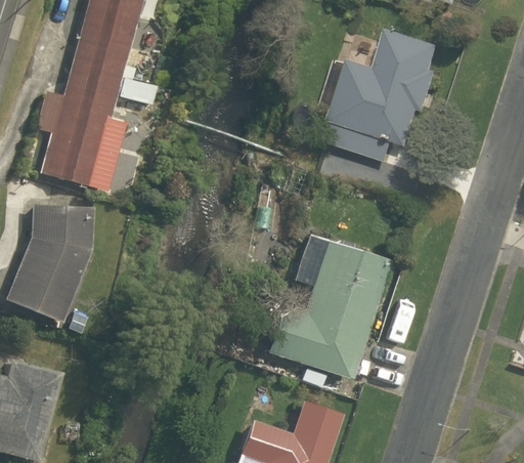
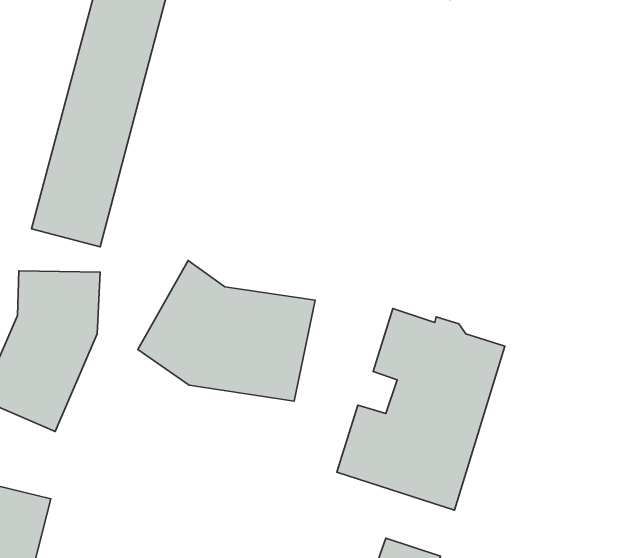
building: [329,29,445,163] -> none
building: none -> [138,260,315,401]

